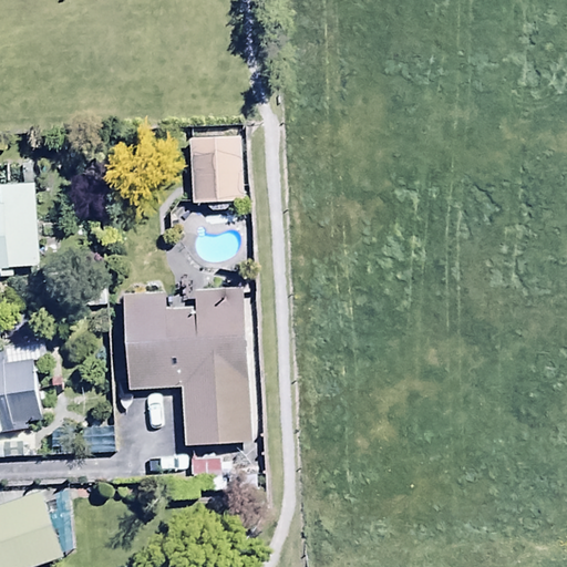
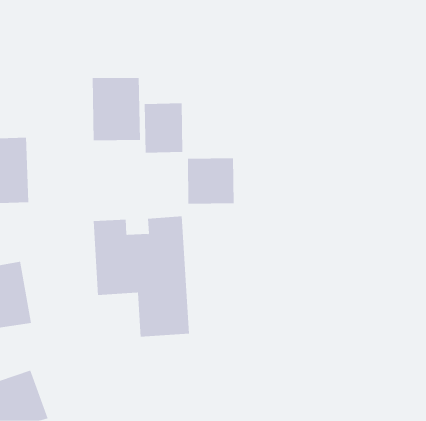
building: none -> [92,77,140,141]
building: none -> [187,157,234,205]

